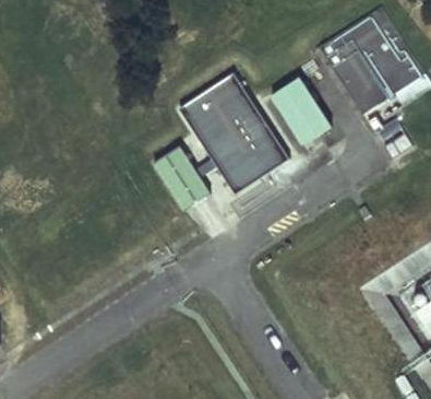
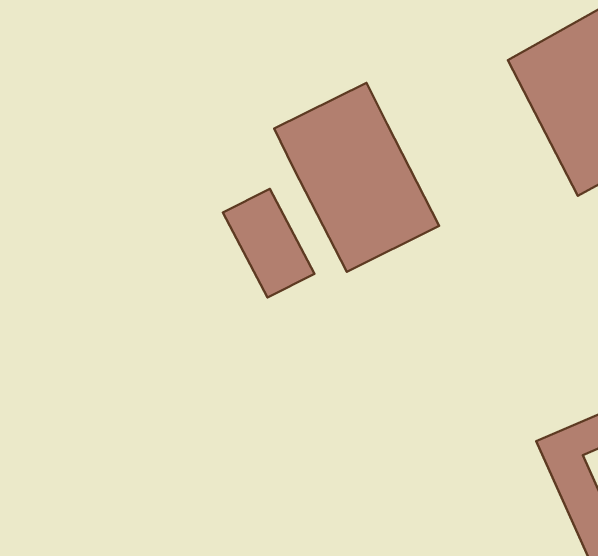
building: [273,74,334,142] -> none

